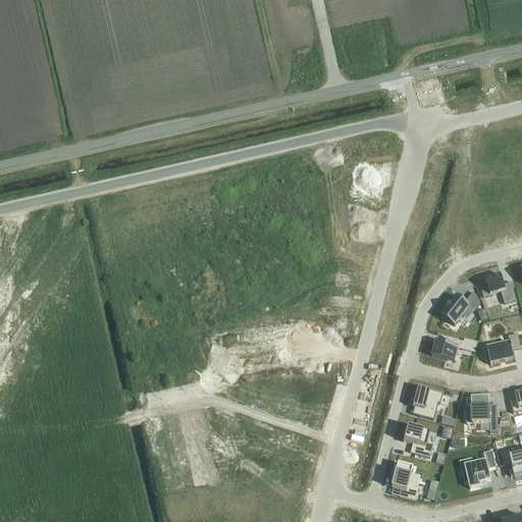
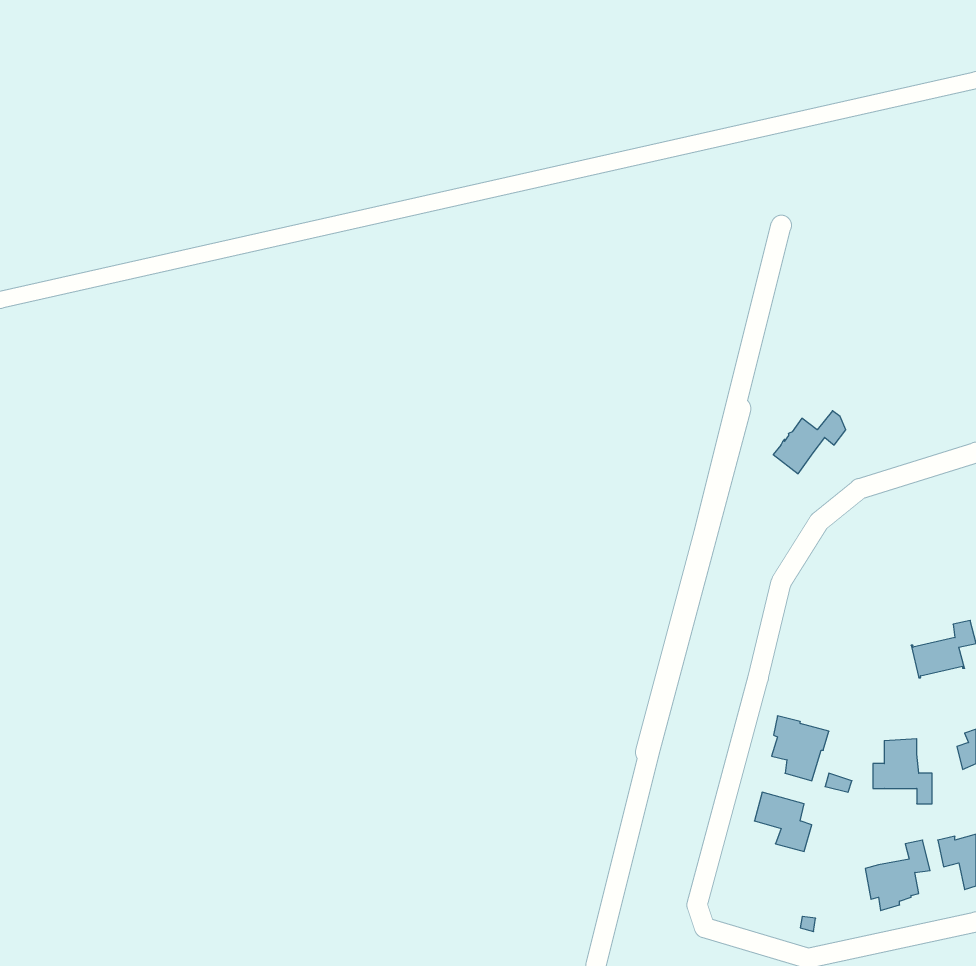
building: [482,272,517,301] -> none
building: [441,290,480,323] -> [773,411,846,474]
building: [431,334,464,359] -> none
building: [390,461,418,498] -> none

